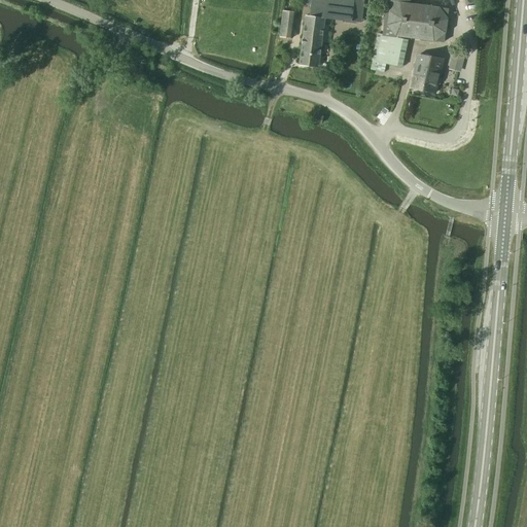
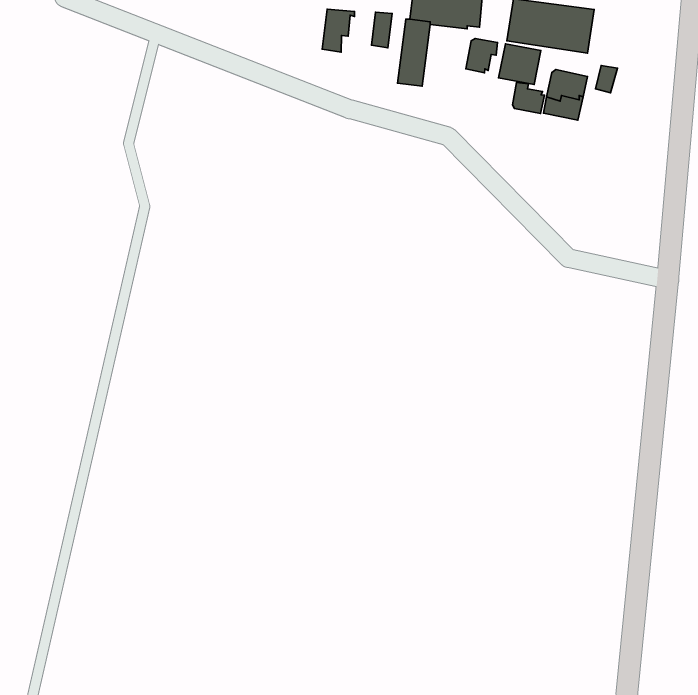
building: none -> [322,9,355,52]
building: none -> [466,38,497,73]
building: none -> [512,83,545,114]

